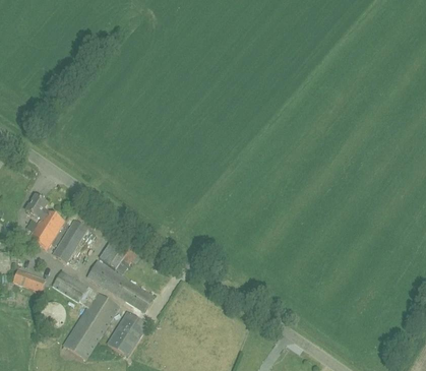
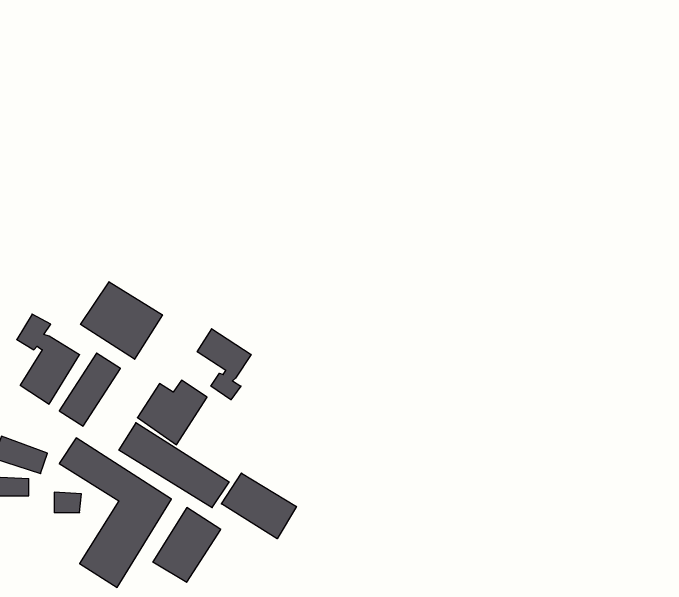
building: none -> [81,282,162,359]
building: none -> [197,329,251,400]
building: none -> [221,473,296,539]

